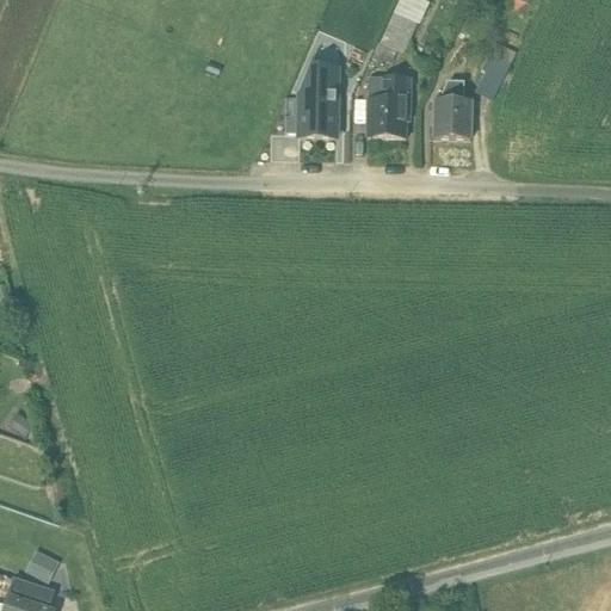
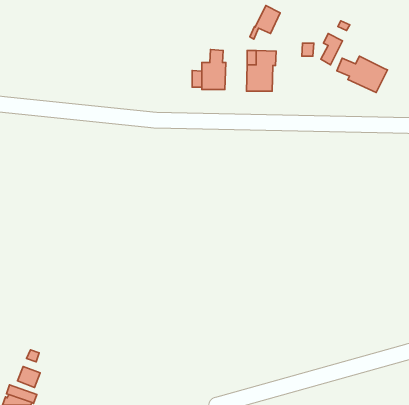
building: none -> [337,56,387,93]
building: [434,98,471,137] -> none

